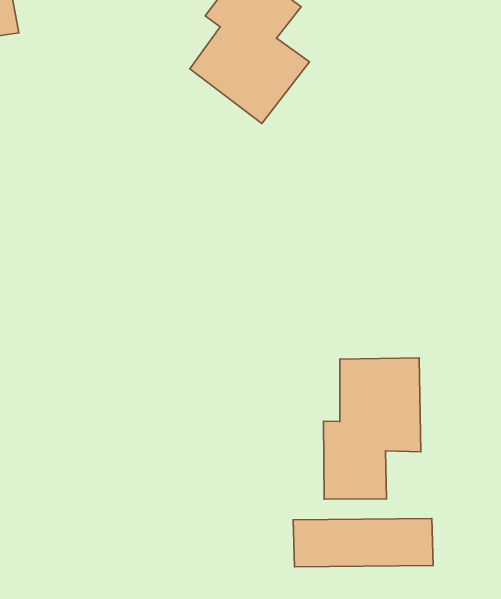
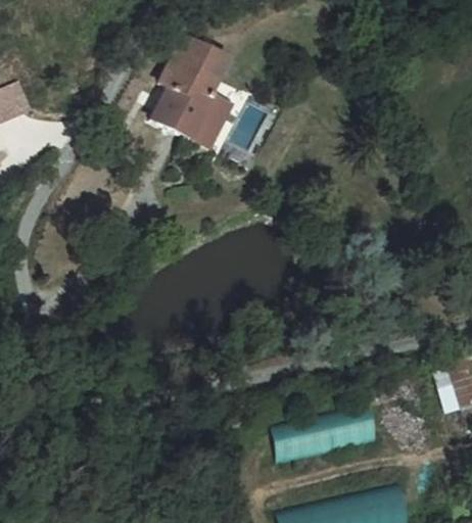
building: [323,358,421,499] -> none

